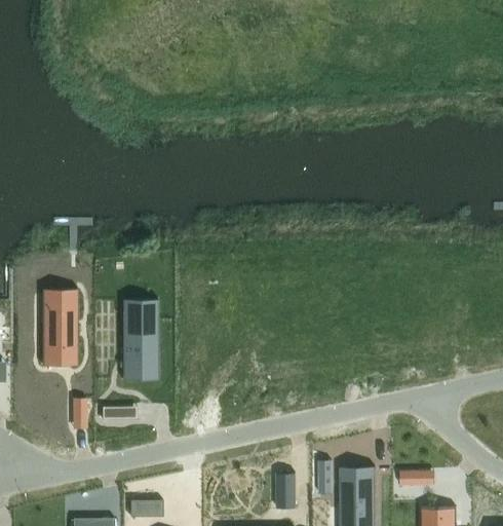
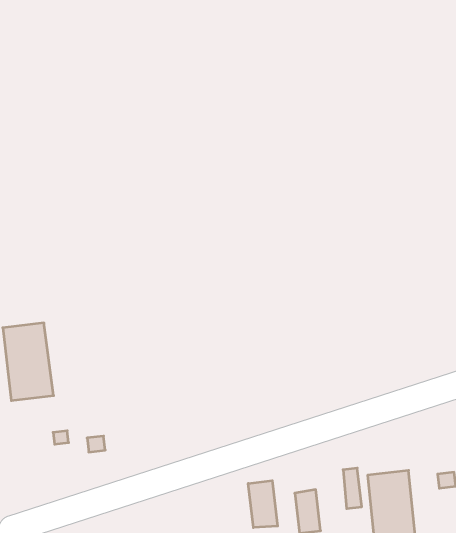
building: [122,310,158,379] -> none
building: none -> [248,481,278,528]

